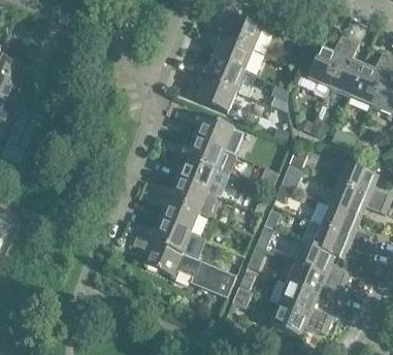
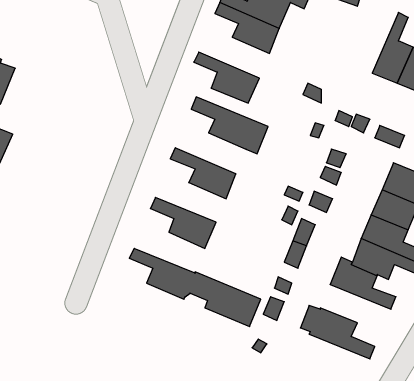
building: [307,32,351,96] -> none
building: [185,57,243,91] -> none
building: [165,136,236,175] -> none
building: [149,178,215,214] -> none
building: [131,219,190,253] -> none
building: [286,262,345,294] -> none
building: [268,303,327,336] -> none

